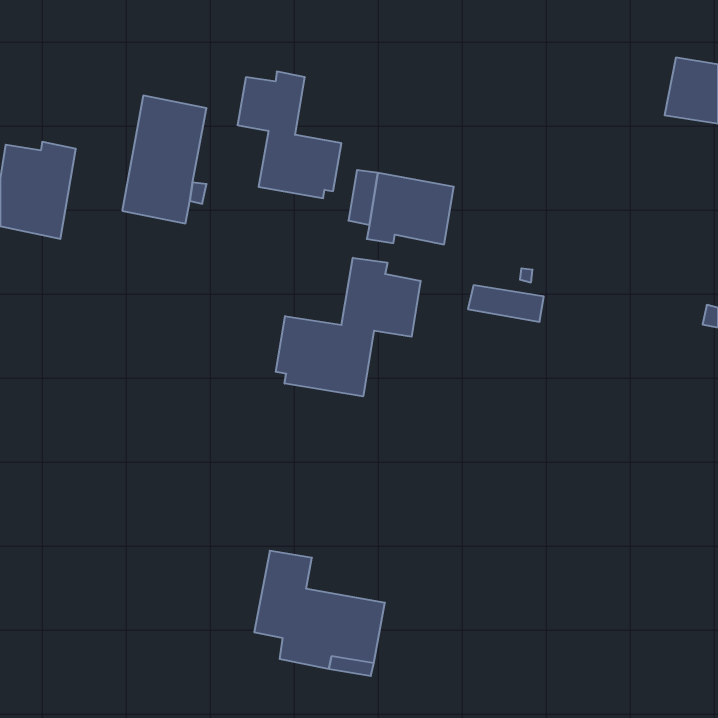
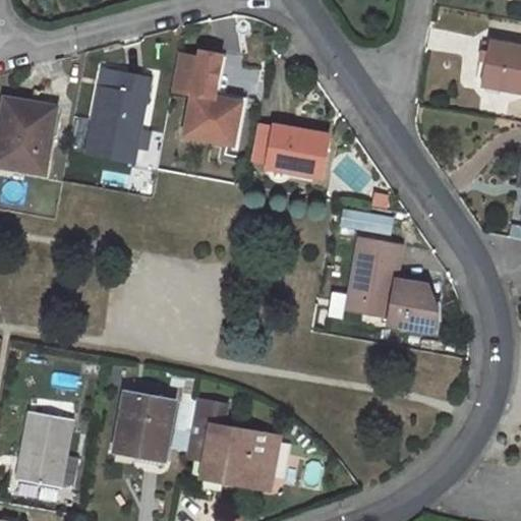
building: [276,258,421,396] -> none
building: none -> [347,236,437,331]
building: none -> [115,392,174,459]
building: none -> [20,405,72,487]

